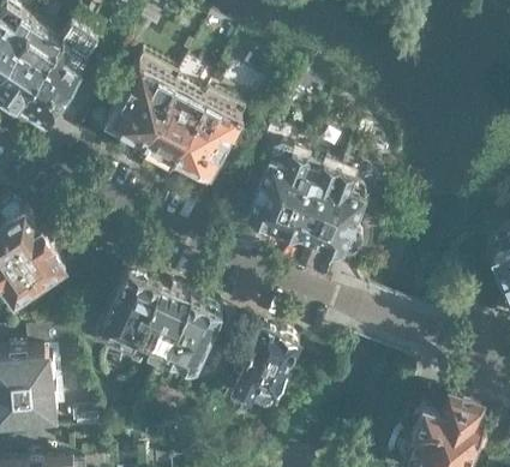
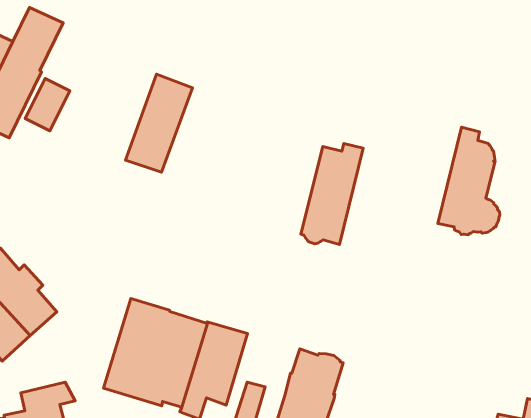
building: [102,60,179,154] -> none
building: [169,94,245,187] -> none
building: [246,152,310,237] -> none
building: [310,172,365,263] -> [438,127,500,235]

